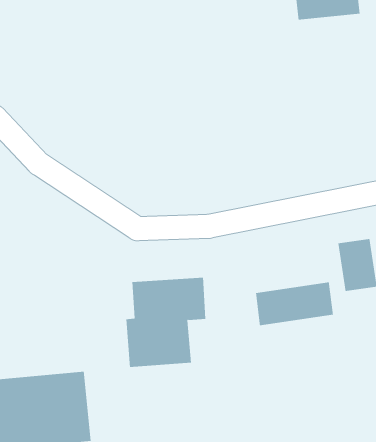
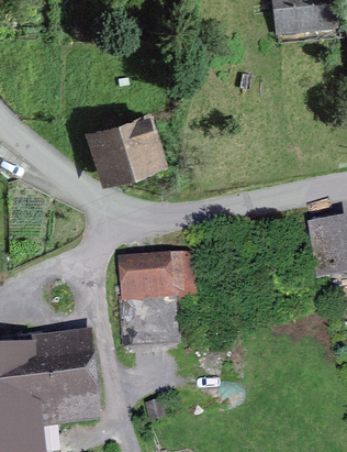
building: none -> [96,114,160,170]
building: [256,282,333,326] -> none

